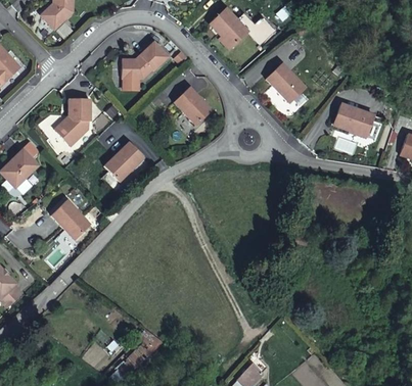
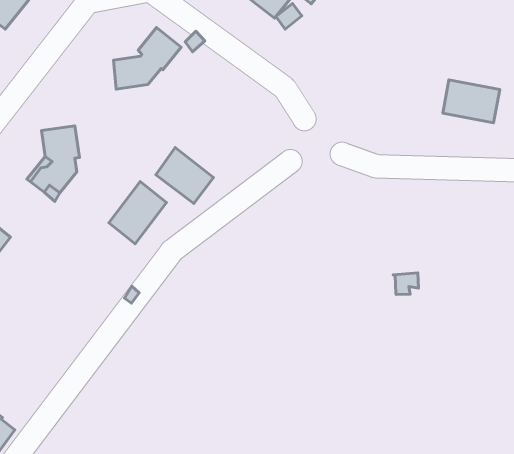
building: [265,60,305,100] -> none
building: [175,87,213,126] -> [156,147,213,203]
building: [51,200,91,241] -> none

